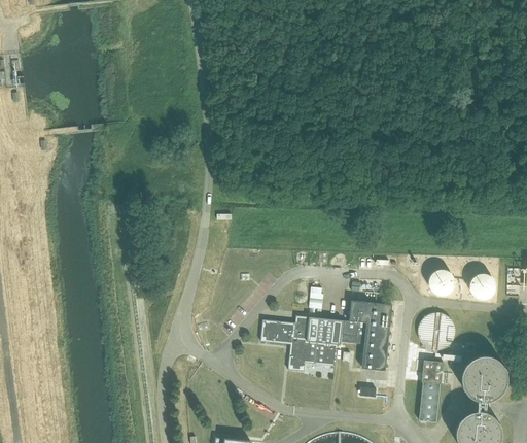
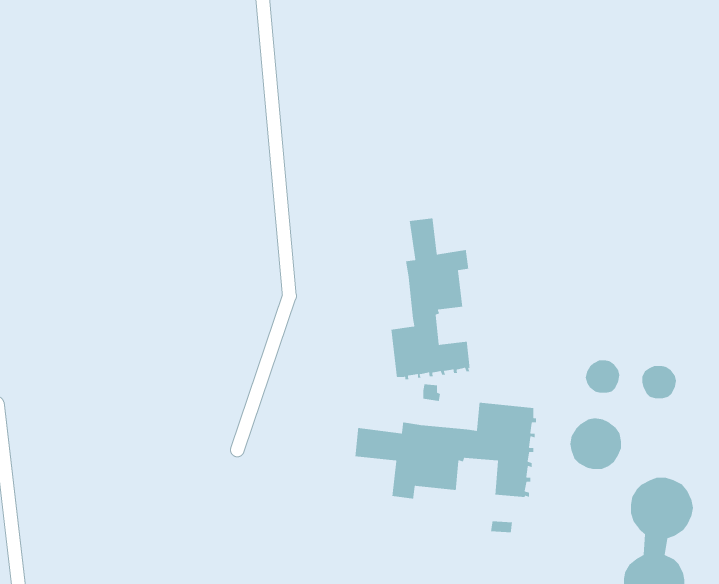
building: none -> [390,217,470,380]
building: [418,360,443,422] -> none

